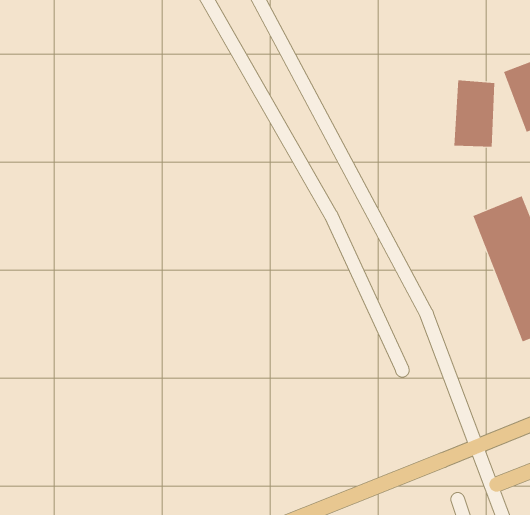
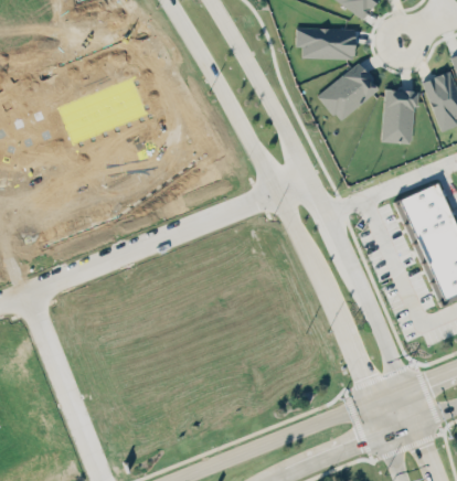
building: none -> [296,28,355,58]
building: none -> [318,64,379,120]

